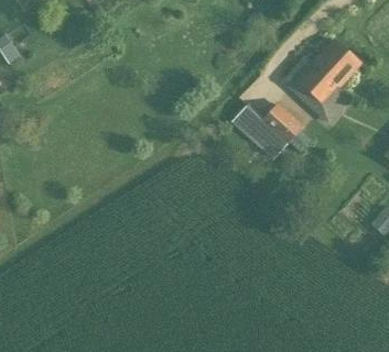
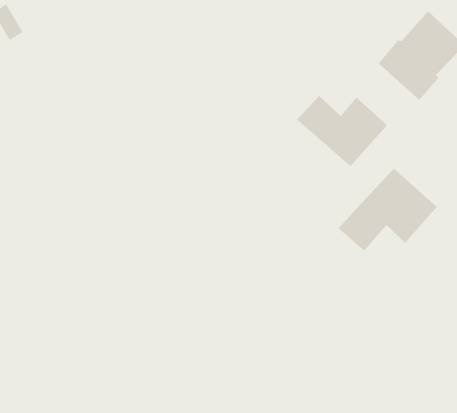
building: none -> [337,168,438,251]

